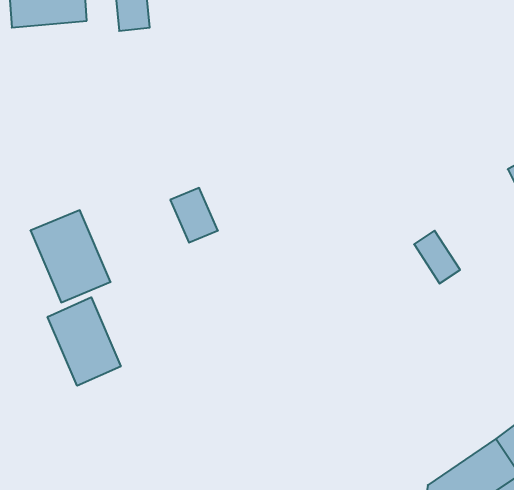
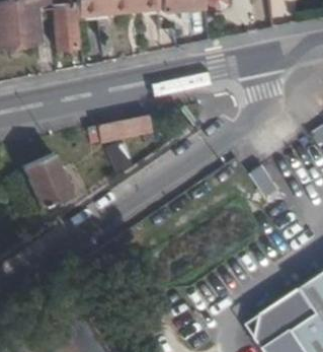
building: none -> [86,115,154,142]
building: [48,297,121,386] -> none

